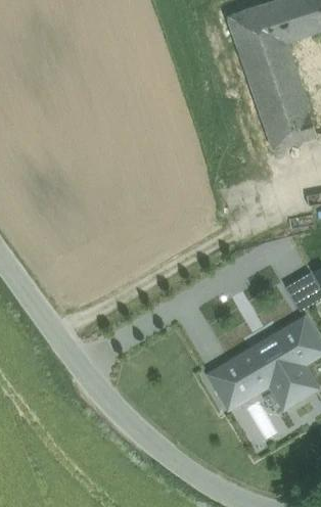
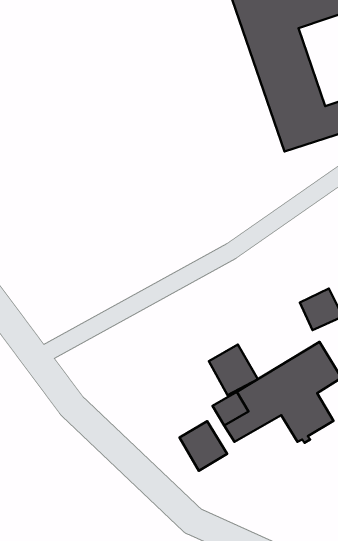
building: none -> [209,344,258,395]
building: none -> [180,421,227,471]

